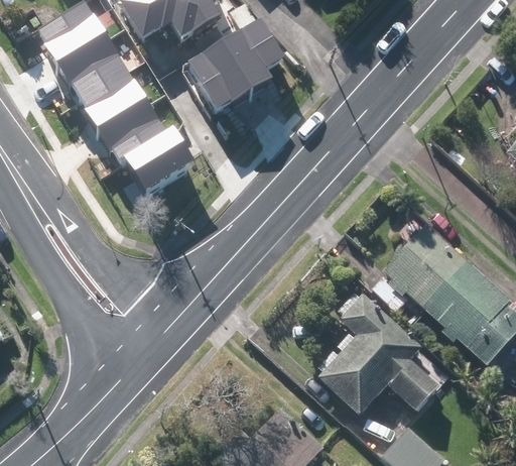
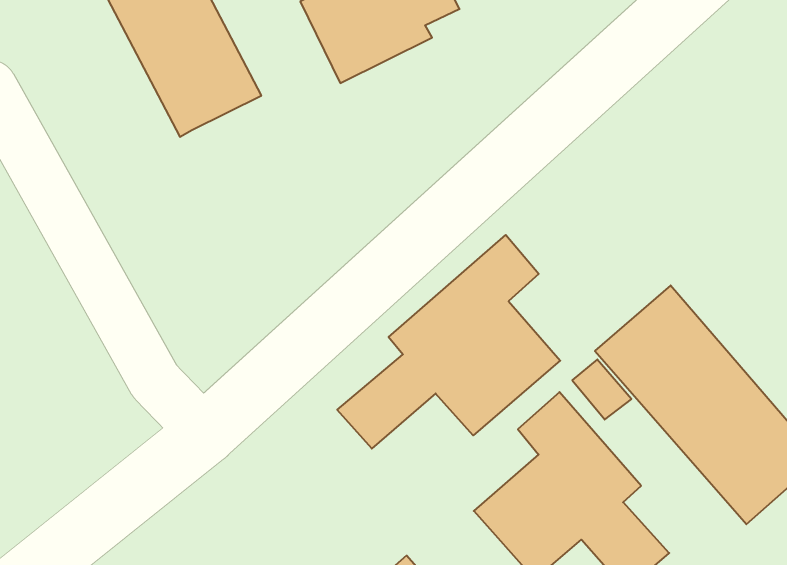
building: [125,126,191,187] -> none
building: none -> [337,235,560,449]

